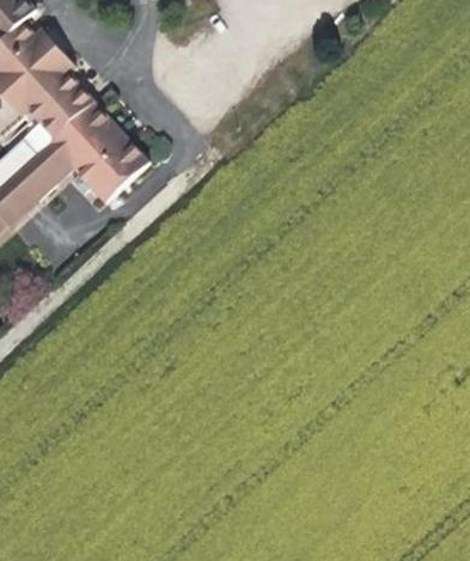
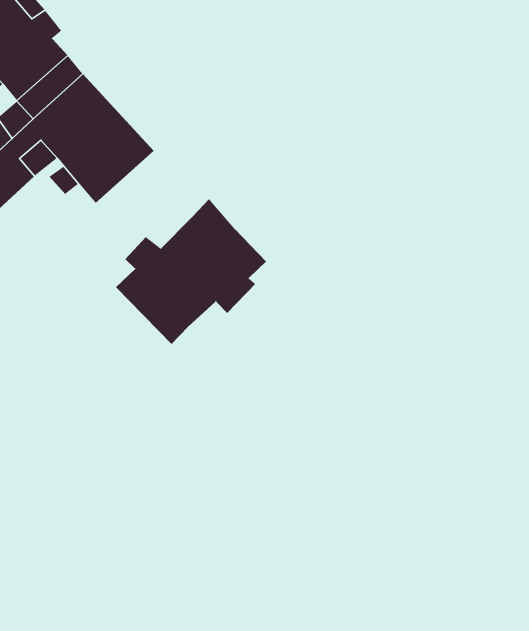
building: none -> [115,198,267,345]

